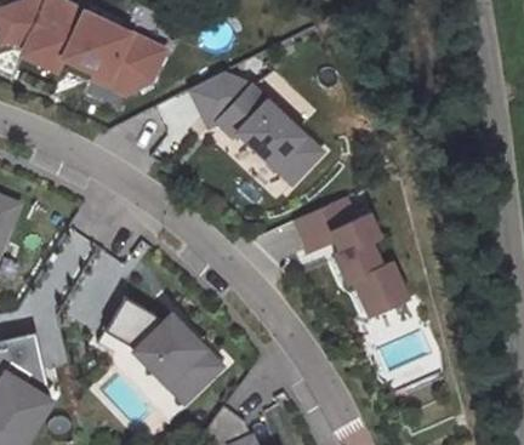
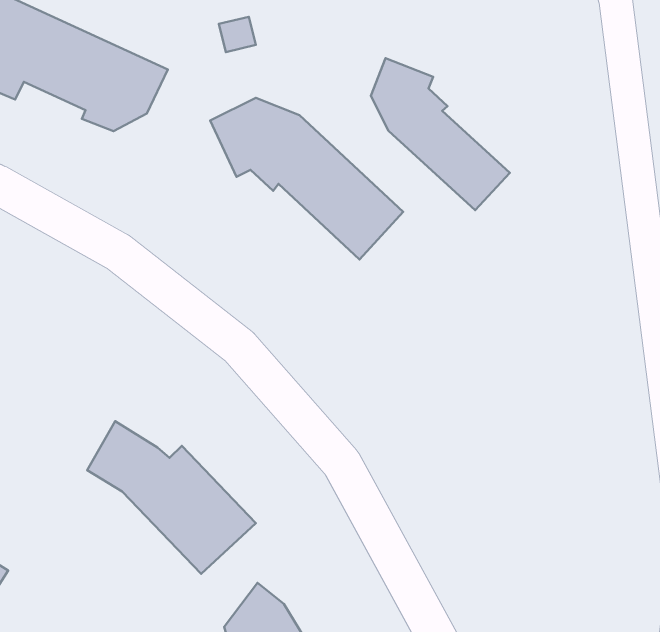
building: none -> [371,58,510,210]
building: [296,196,409,313] -> none

